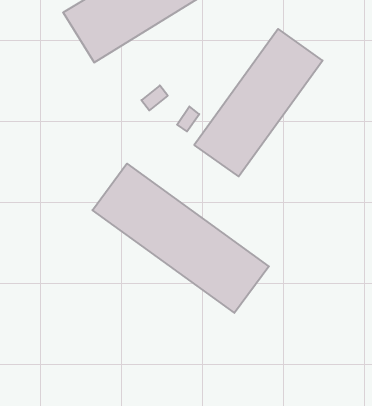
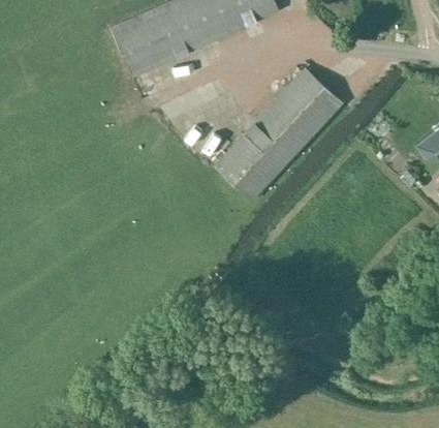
building: [92,164,269,313] -> none

